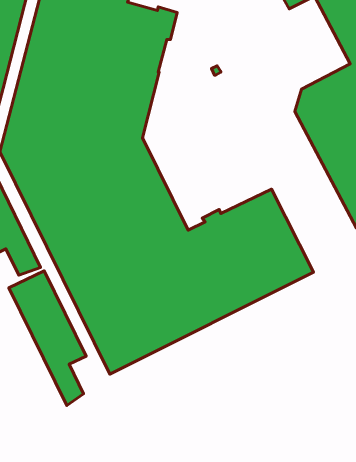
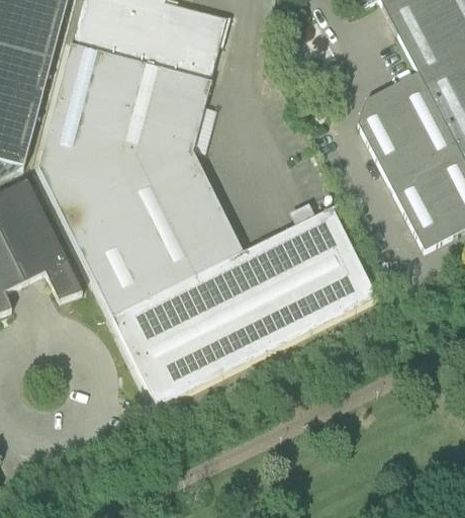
building: [9,271,86,405] -> none

